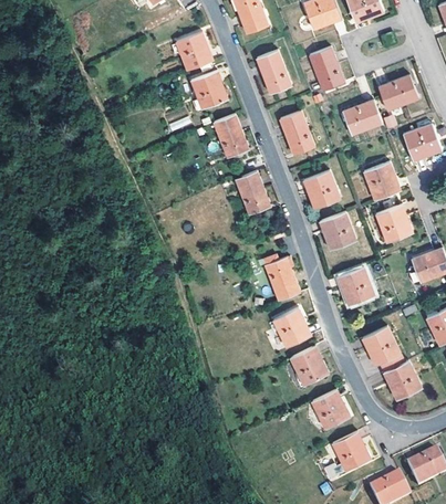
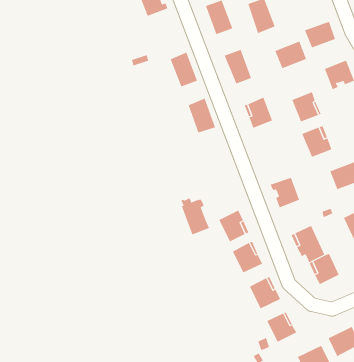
building: [190,71,227,109] -> none
building: [320,211,355,249] -> none
building: [265,254,300,301] -> [181,197,210,235]

